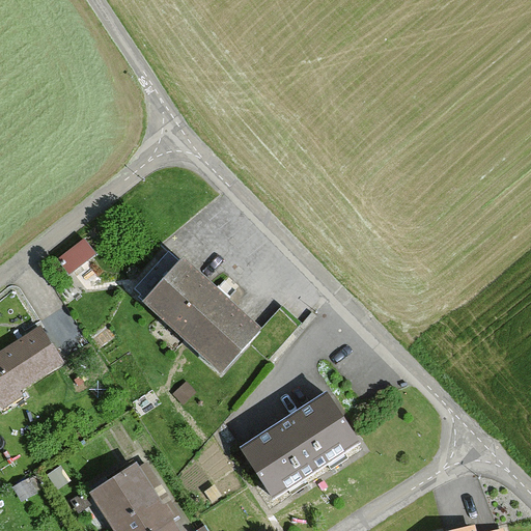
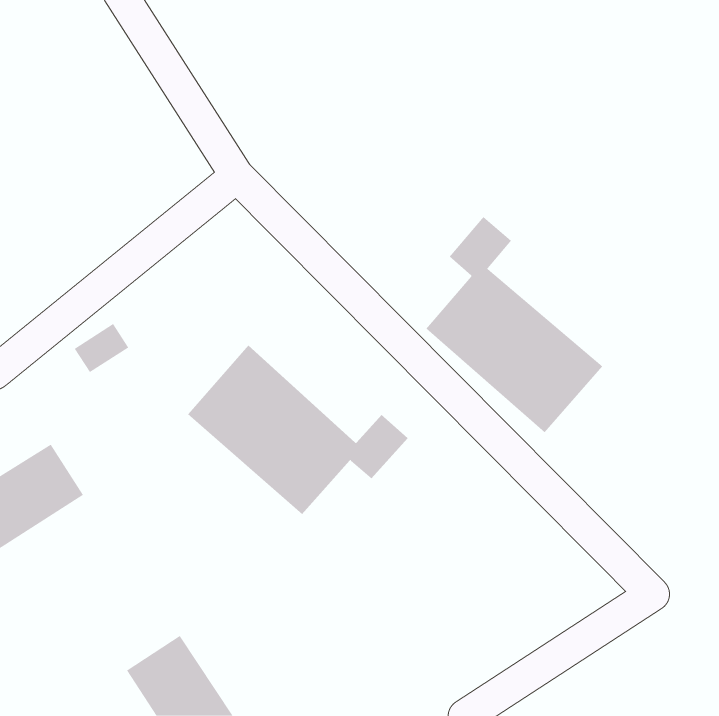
building: none -> [425,216,603,433]
building: [241,393,359,498] -> none

